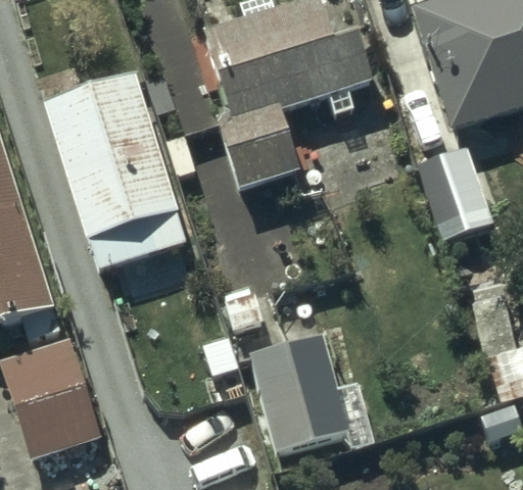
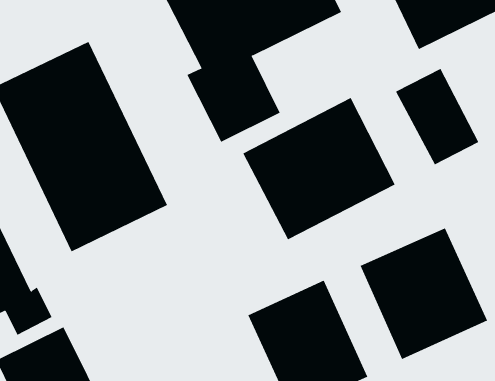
building: none -> [242,97,395,240]
building: none -> [360,227,488,360]

